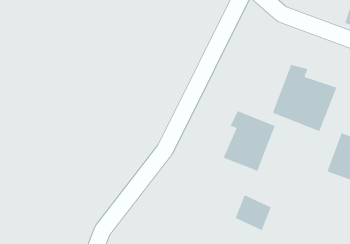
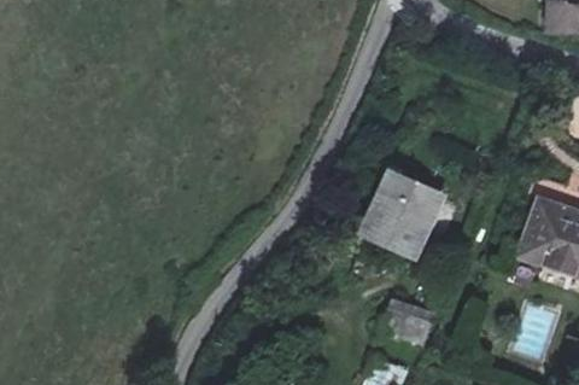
building: [272,64,337,132] -> none

